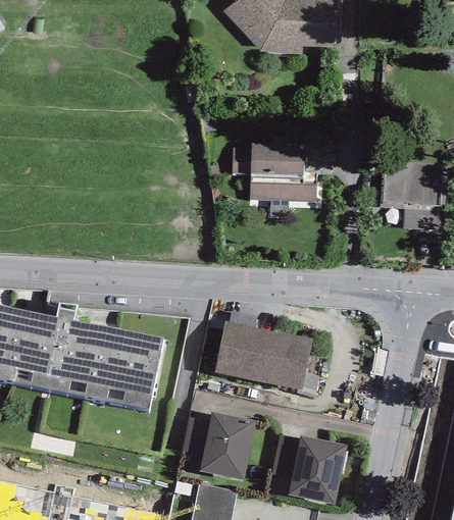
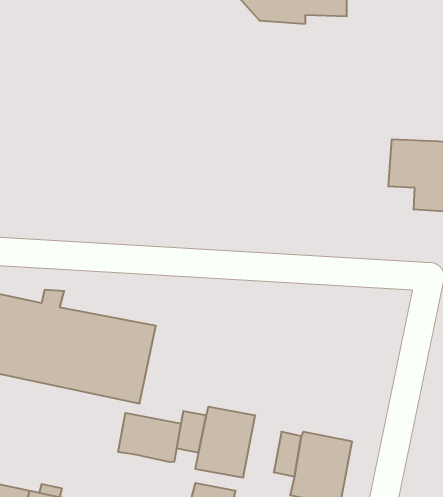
building: [232,141,332,217] -> none
building: [215,322,312,391] -> none
building: none -> [118,413,181,462]

